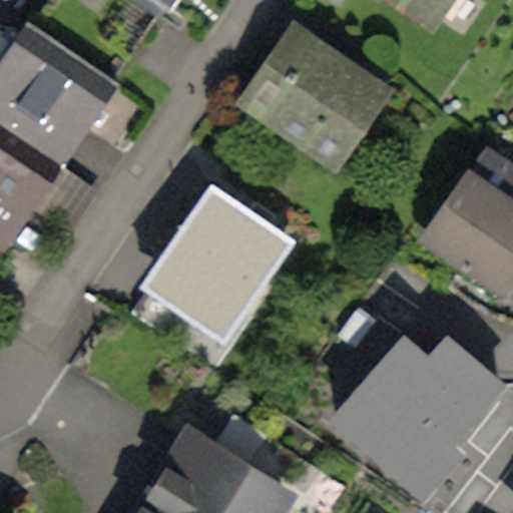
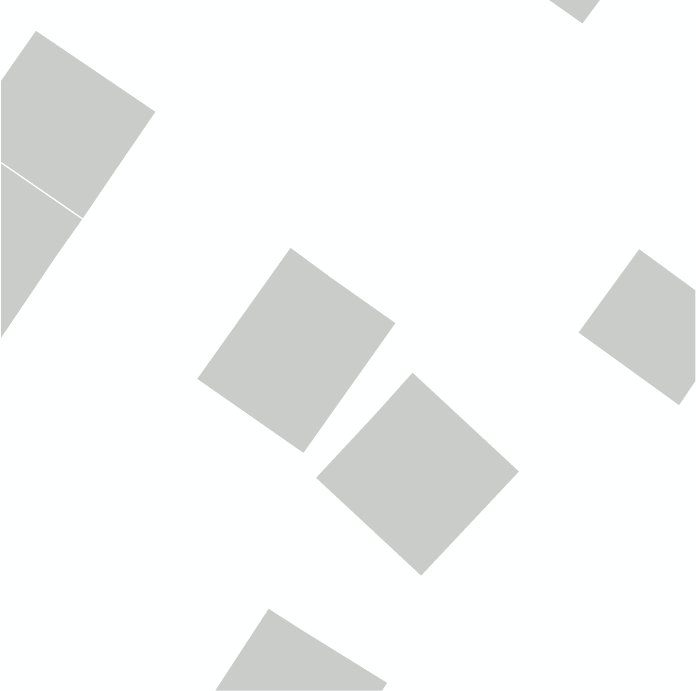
building: [248,25,383,157] -> none
building: none -> [315,372,520,577]
building: [334,347,502,502] -> none

